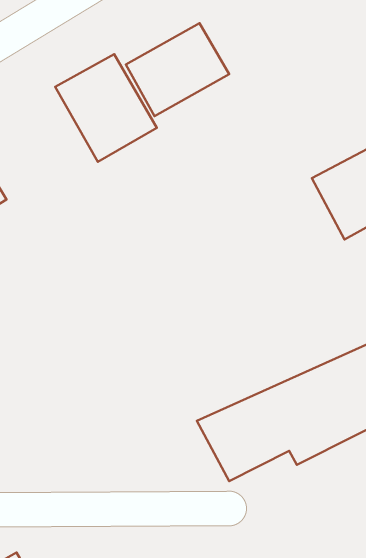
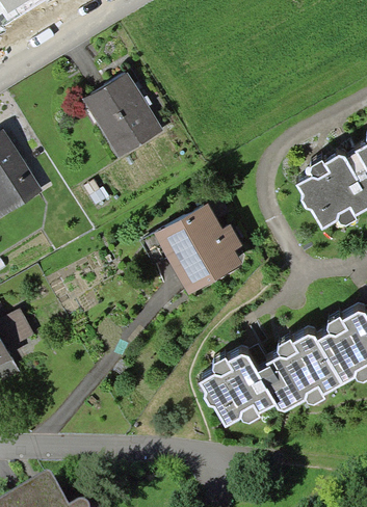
building: [126,23,229,116] -> none
building: none -> [156,205,239,292]

